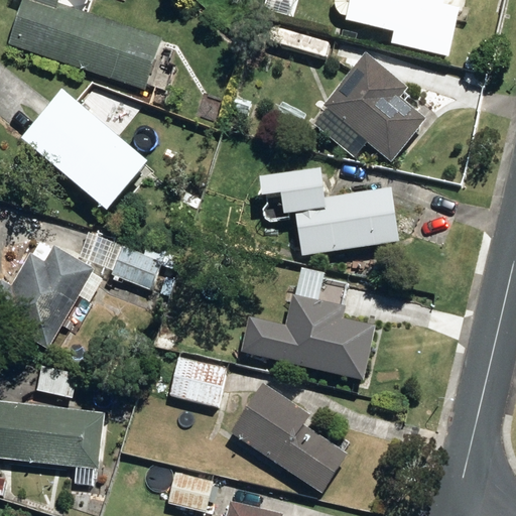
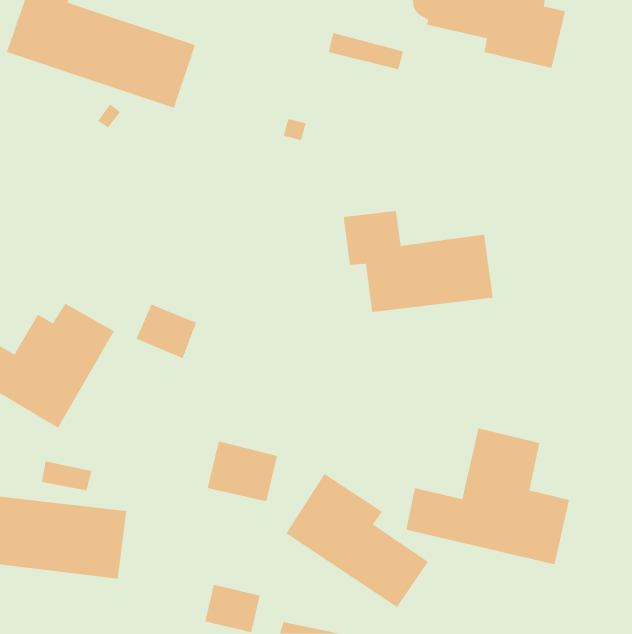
building: [324,54,424,160] -> none
building: [23,91,147,210] -> none
building: [241,269,374,380] -> [405,428,570,565]

